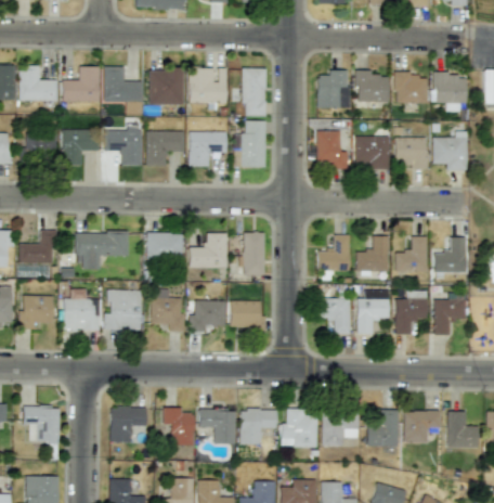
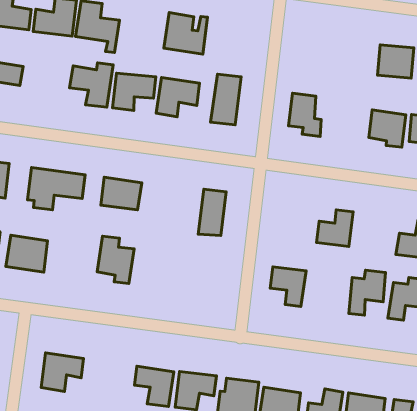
building: [242,68,266,117] -> none
building: [316,70,348,108] -> none
building: [356,70,389,102] -> none
building: [148,72,184,105] -> none
building: [62,130,98,166] -> none
building: [354,137,389,170] -> none
building: [188,235,226,268] -> none
building: [317,235,350,271] -> none
building: [395,237,428,272] -> none
building: [104,289,141,332] -> none
building: [356,291,389,334] -> none
building: [190,300,225,332] -> none
building: [230,301,265,330] -> none
building: [162,408,195,446] -> none

